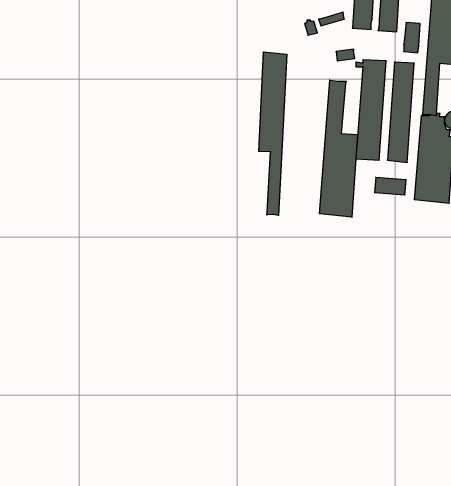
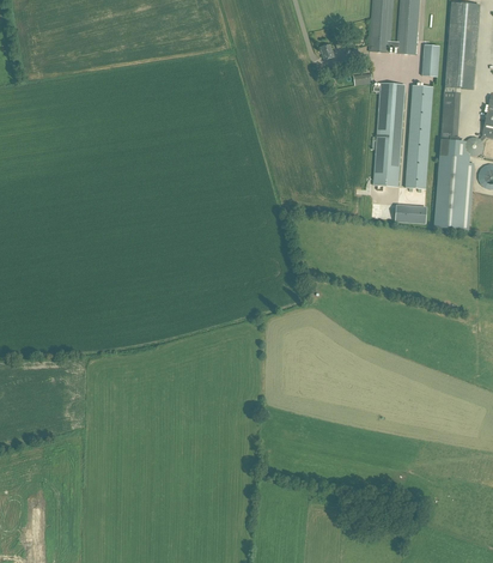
building: [259,52,287,215] -> none
building: [319,80,358,217] -> none

